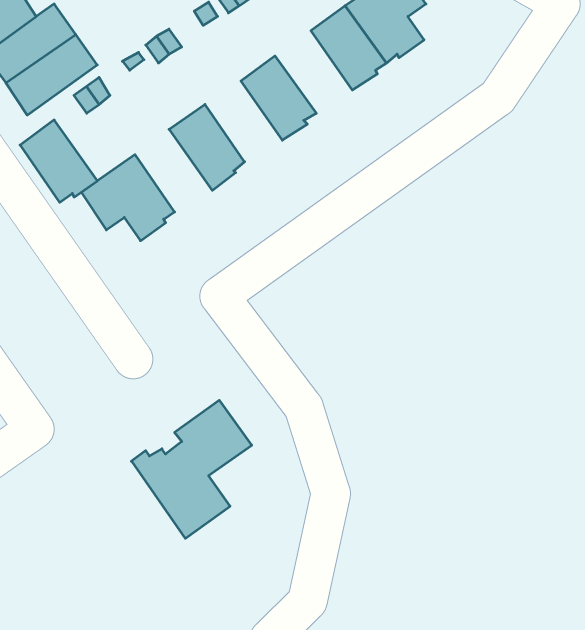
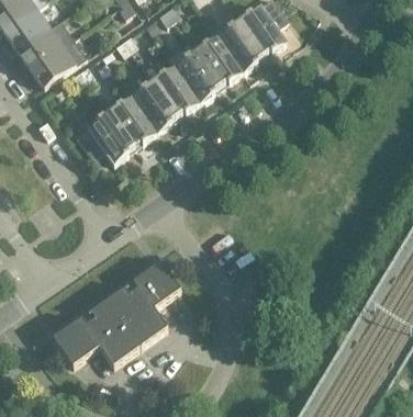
building: none -> [193,35,241,86]
building: none -> [150,66,198,115]
building: [20,120,97,202] -> [108,95,155,146]
building: none -> [52,298,138,364]

